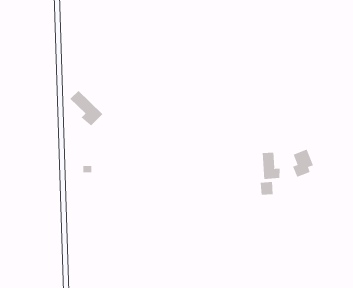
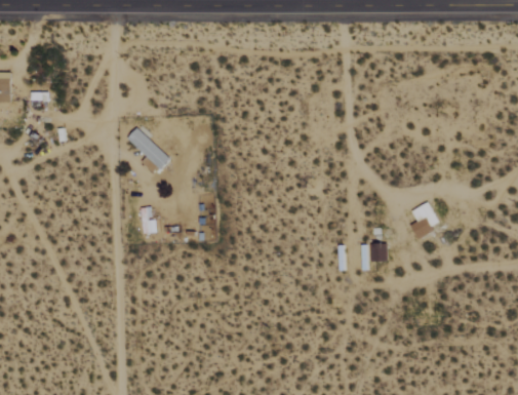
building: [262,152,280,180] -> none

